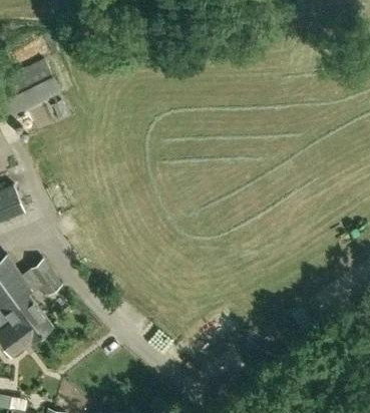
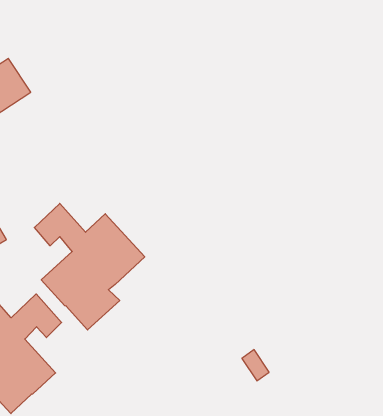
building: none -> [34,203,145,330]

